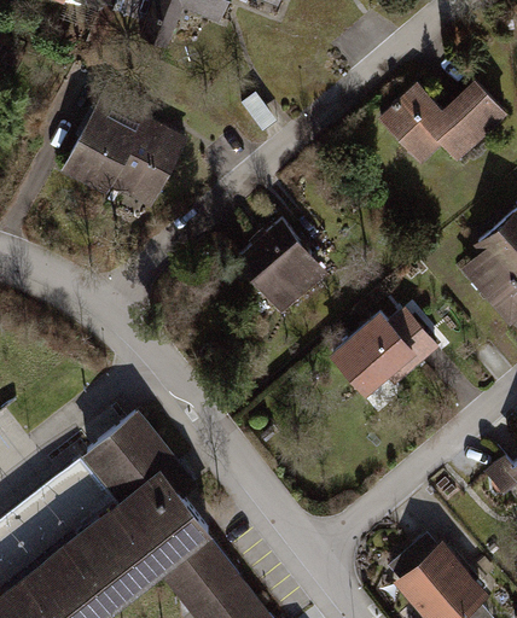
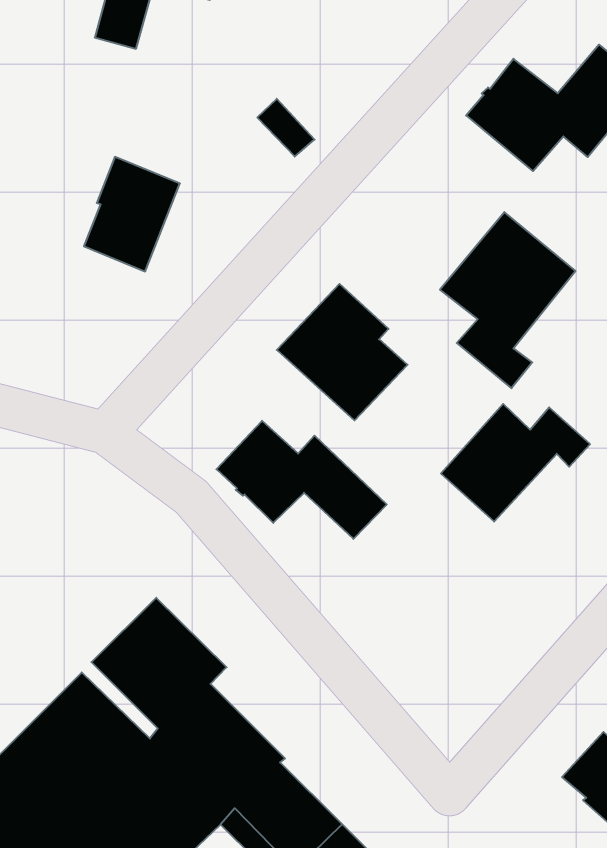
building: [69,88,147,183] -> none
building: none -> [440,212,576,388]
building: none -> [216,421,387,539]

